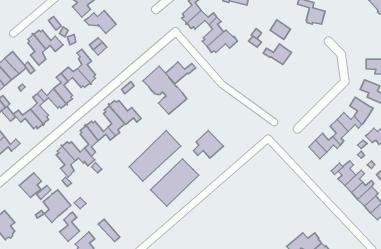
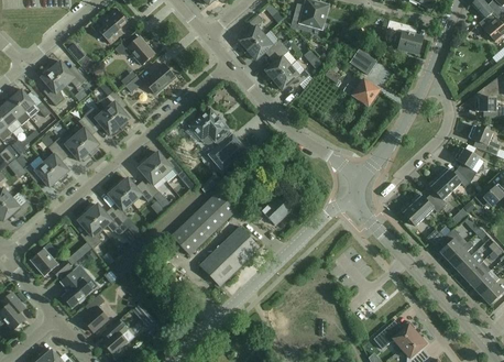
building: none -> [144,63,175,94]
building: [166,62,196,83] -> none

